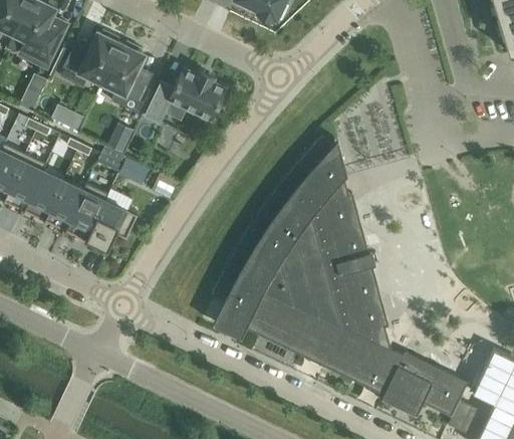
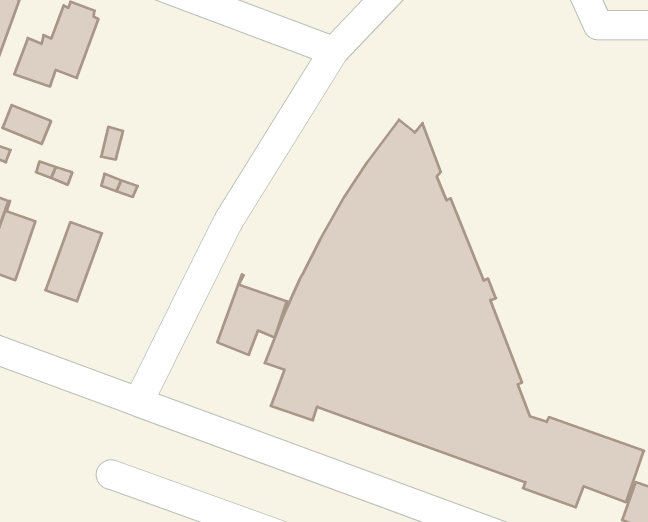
building: [101,42,146,113] -> none
building: [145,69,225,123] -> none
building: [44,180,86,228] -> none
building: [85,193,137,249] -> [217,274,287,355]

